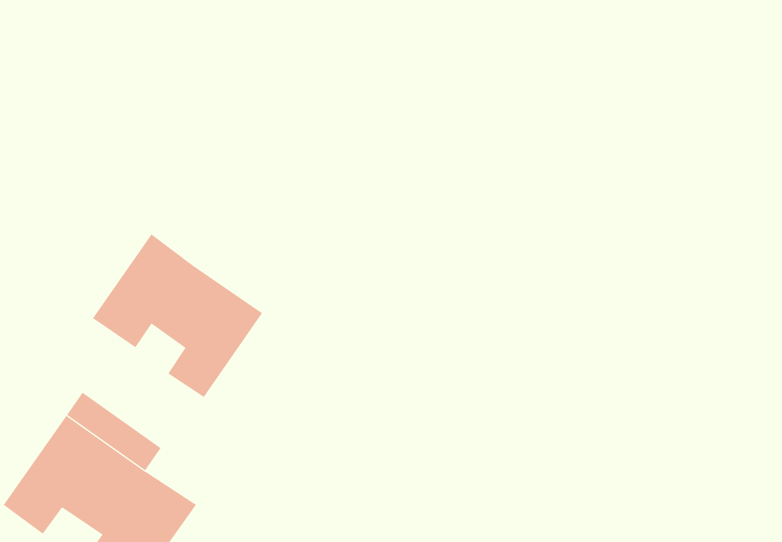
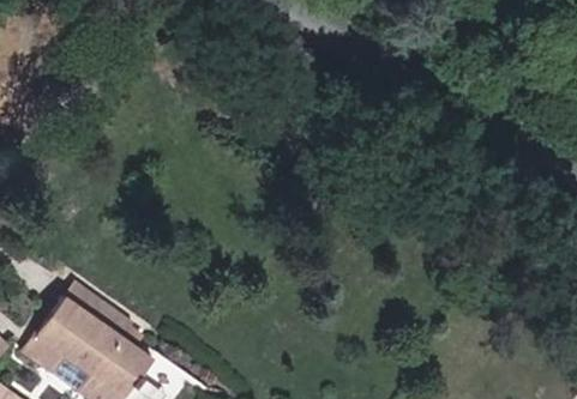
building: [92,234,263,398] -> none

